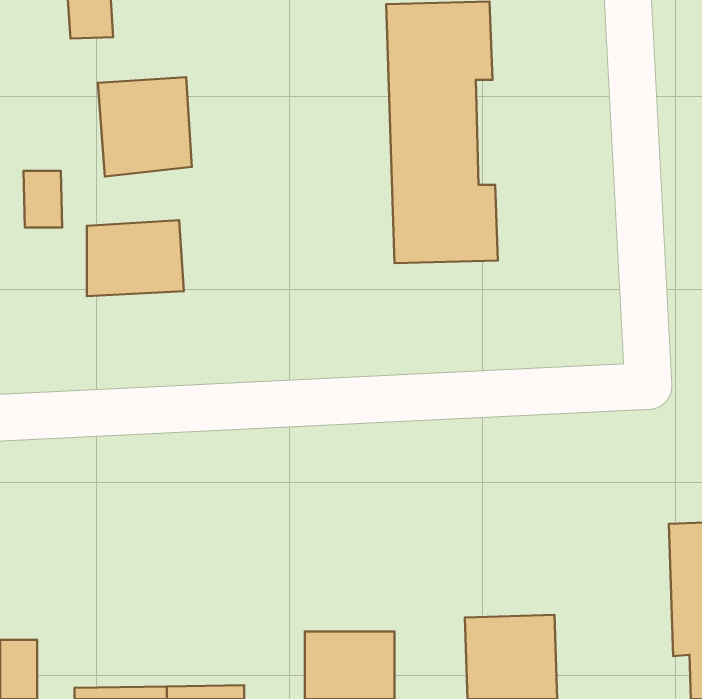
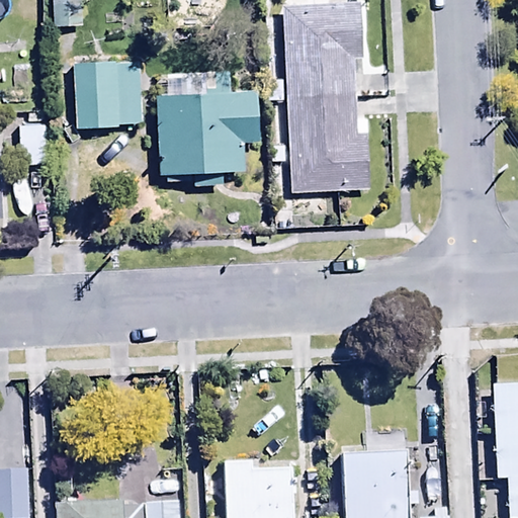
building: none -> [155,70,261,185]
building: [87,220,184,296] -> none

